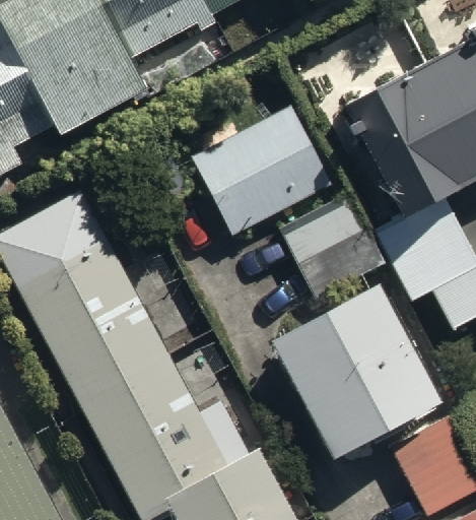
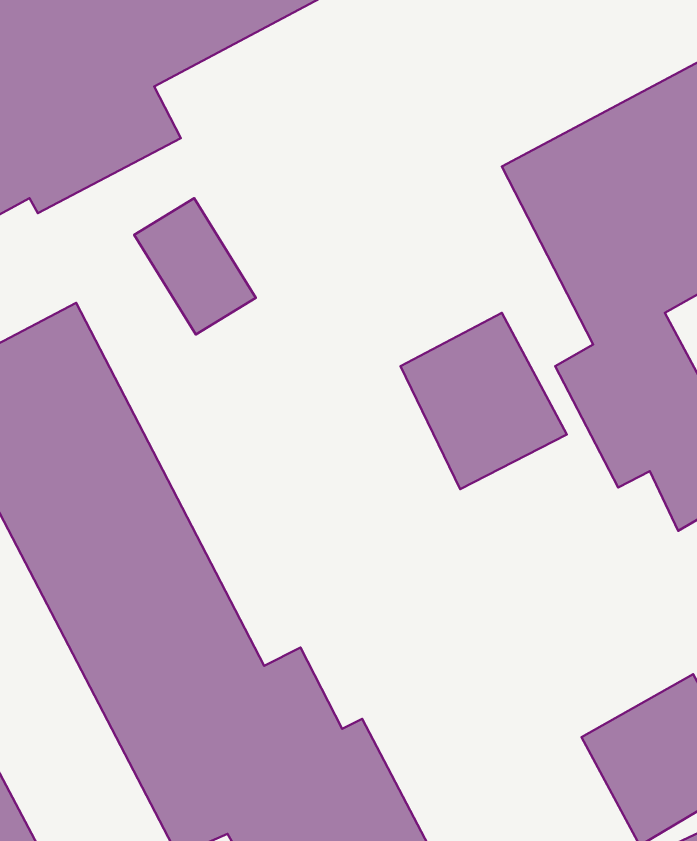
building: [193,105,334,237] -> none
building: [270,284,441,459] -> none

